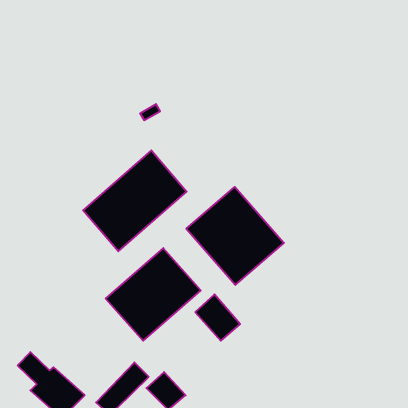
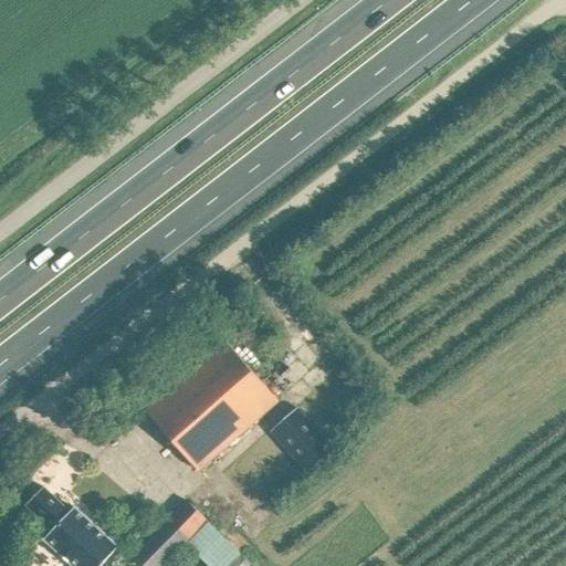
building: [83,150,187,251] -> none
building: [186,187,284,285] -> none

